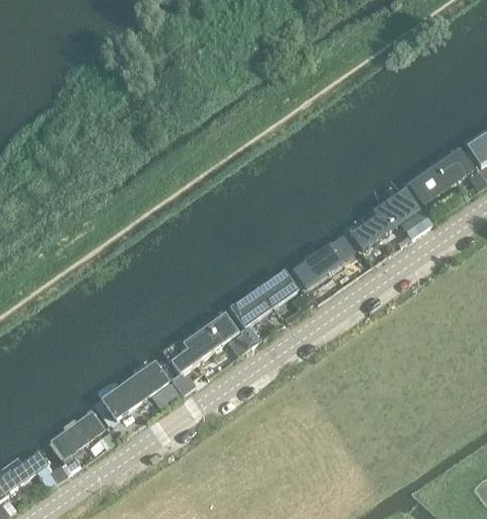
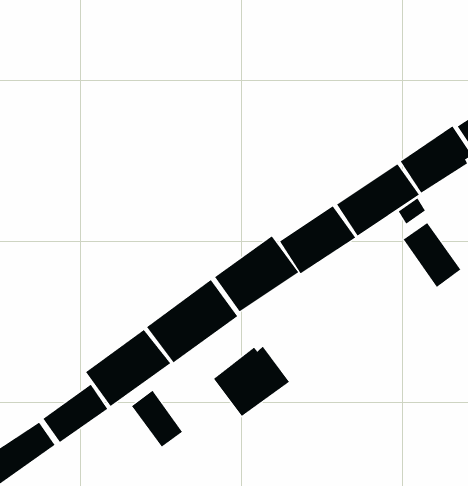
building: none -> [403,222,461,288]
building: none -> [213,346,290,417]
building: none -> [131,390,183,447]

